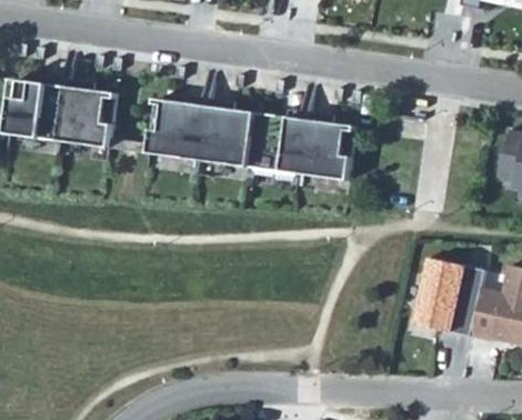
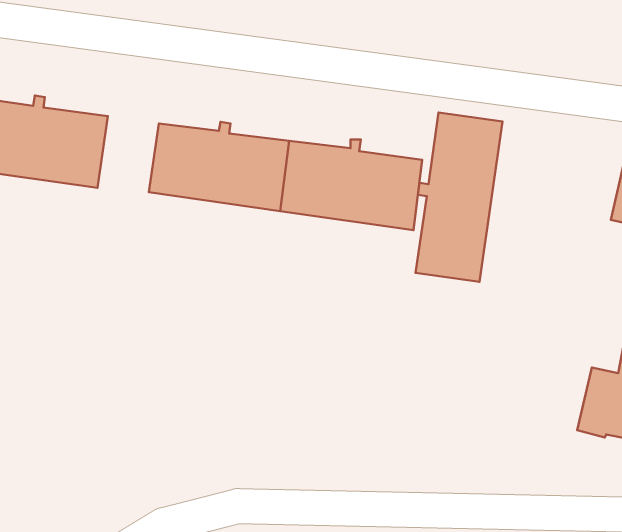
building: none -> [416,112,502,282]
building: [416,254,489,333] -> none

